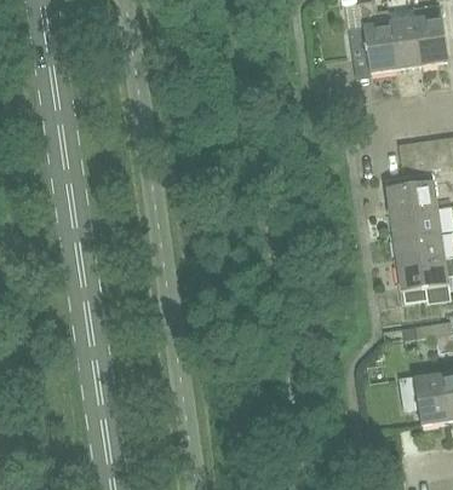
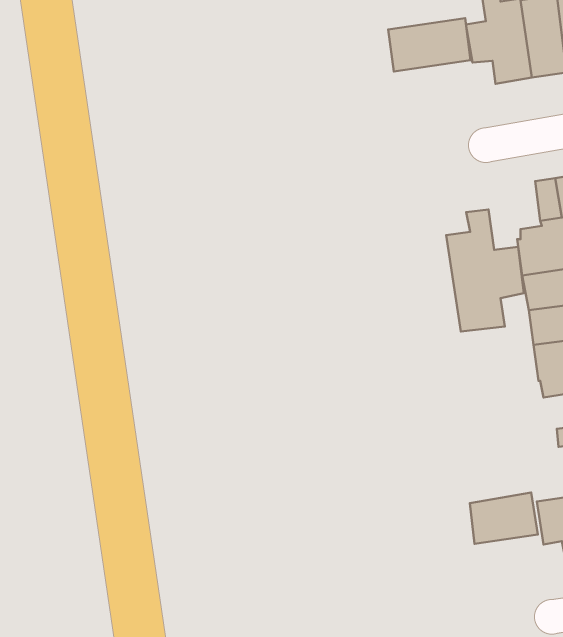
building: none -> [388,18,471,71]
building: none -> [446,210,524,331]
building: none -> [470,492,538,544]

